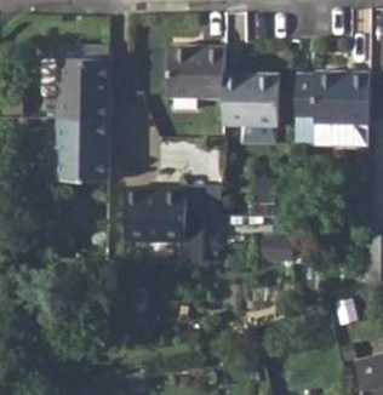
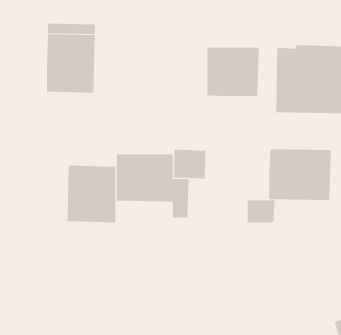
building: [167,46,223,98] -> none
building: [51,121,103,182] -> [67,165,116,223]
building: none -> [269,148,331,201]

